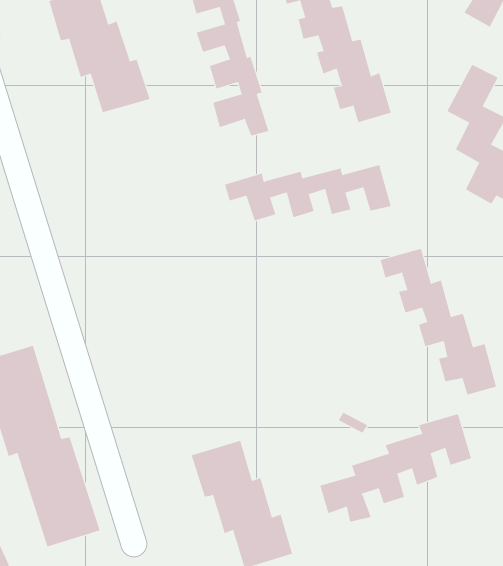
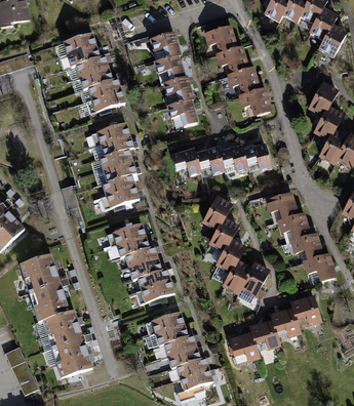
building: none -> [94,123,139,208]
building: none -> [200,195,269,297]
building: none -> [111,224,173,302]

